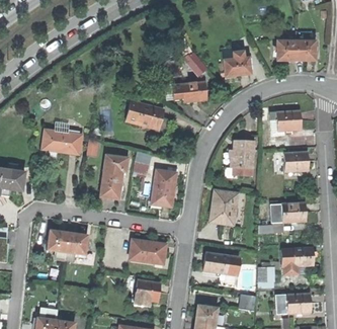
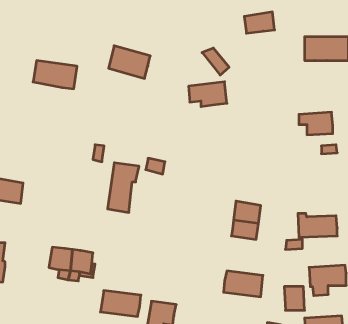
building: [224,59,251,78] -> [244,12,275,33]
building: [125,100,163,130] -> [109,46,150,78]
building: [41,130,81,155] -> [33,61,77,89]
building: [233,140,255,175] -> none
building: [284,151,309,171] -> none
building: [151,169,177,205] -> none
building: [130,239,166,262] -> [100,291,141,316]

